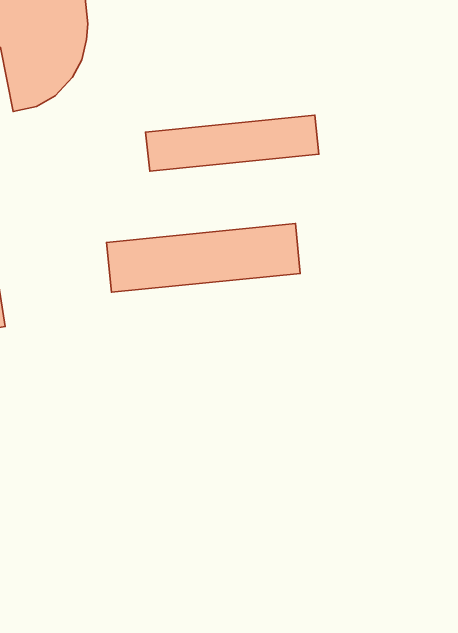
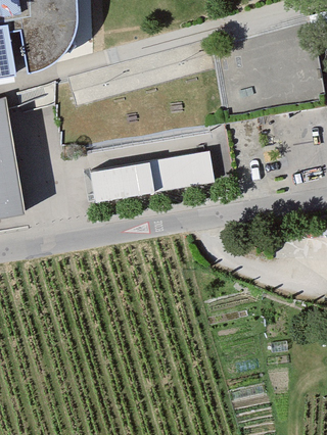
building: [146,115,319,171] -> none

